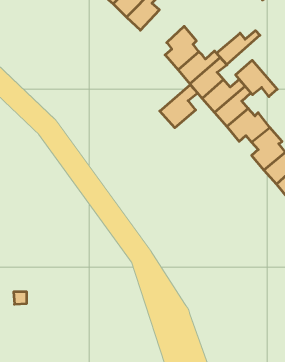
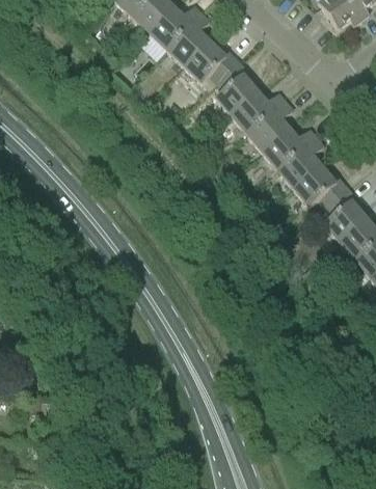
building: none -> [184,40,239,83]
building: [217,31,260,65] -> none
building: [236,60,277,97] -> none
building: [160,85,198,128] -> none

